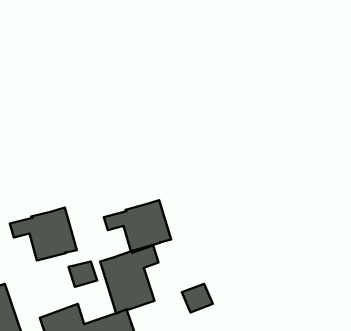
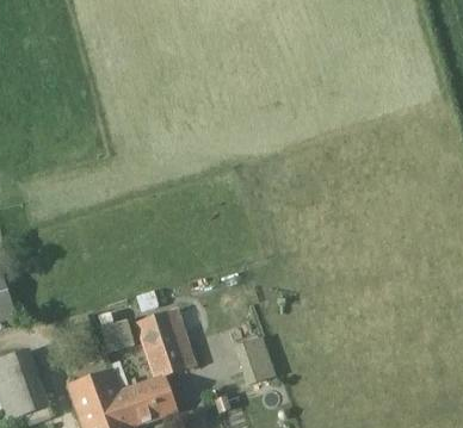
building: [104,200,171,251] -> none
building: [10,208,77,261] -> none

